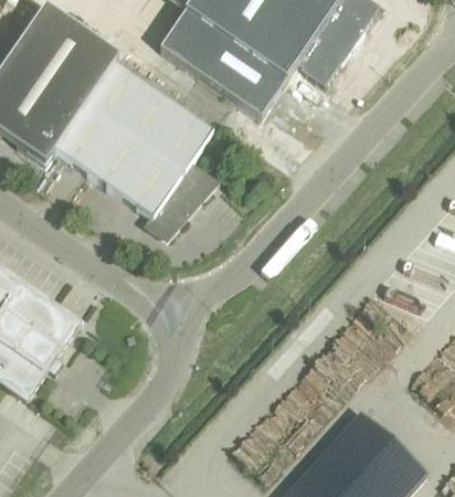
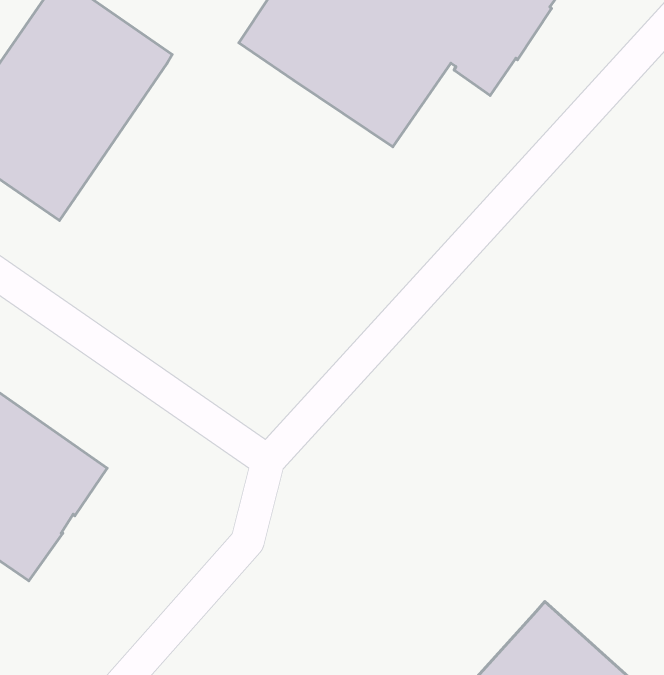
building: [55,61,216,235] -> none

